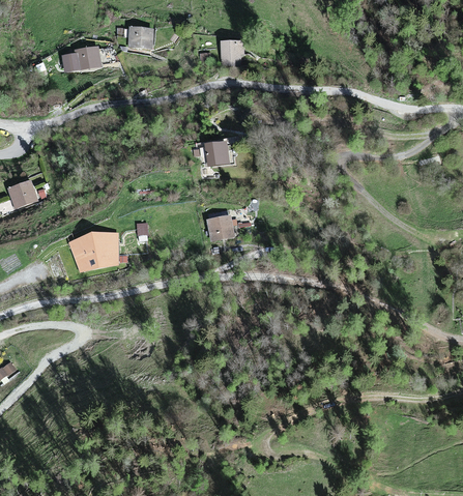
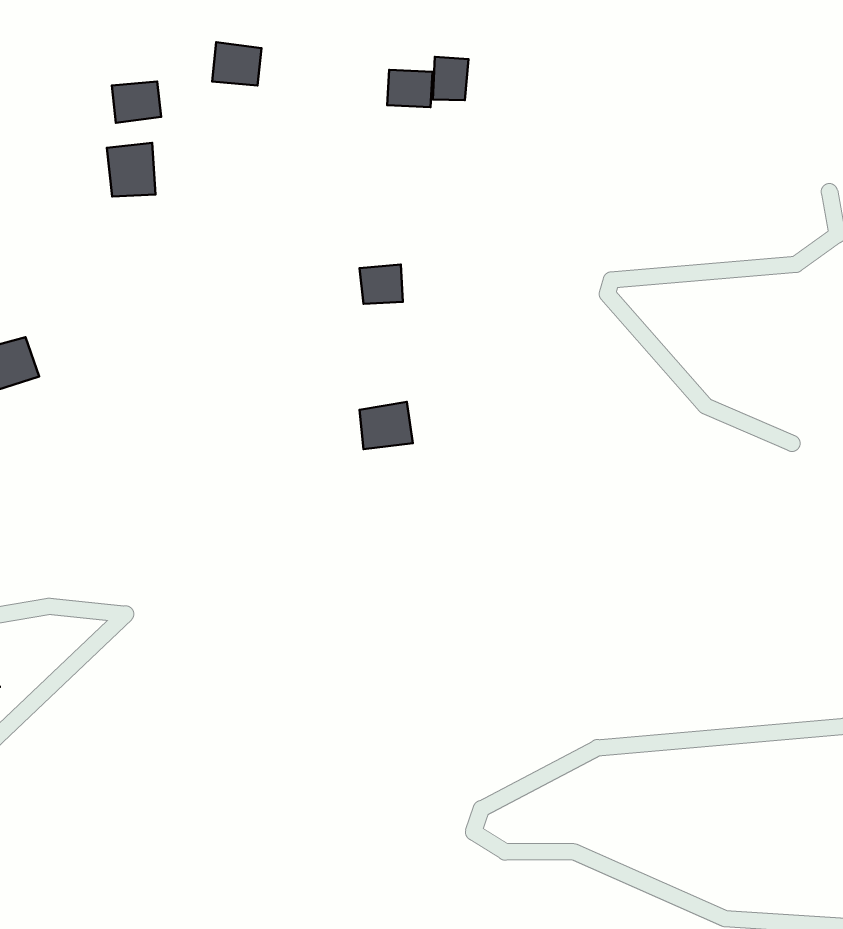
building: none -> [433,57,468,100]
building: none -> [107,143,155,197]
building: [68,231,120,270] -> none

